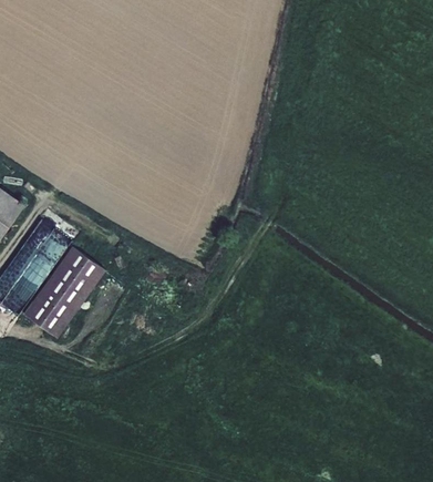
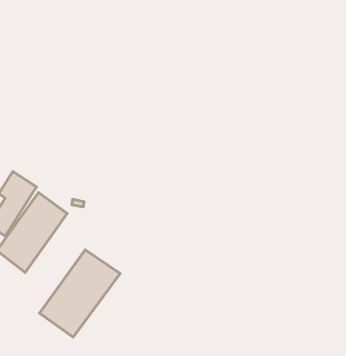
building: none -> [39,250,120,337]

